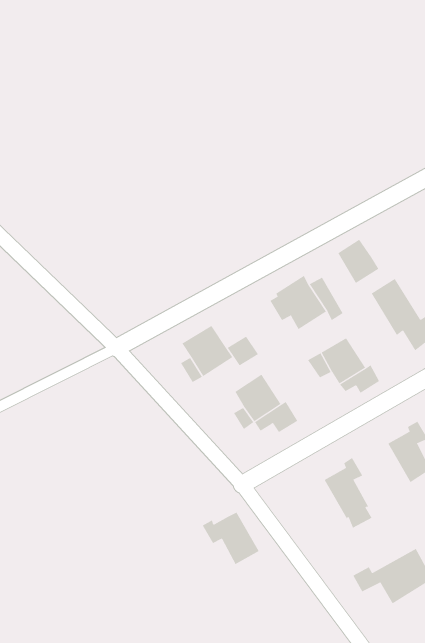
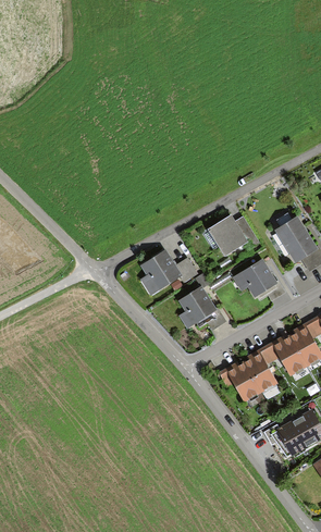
building: [338,239,379,284] -> none
building: none -> [264,336,306,374]
building: [202,512,259,565] -> [219,362,260,400]

